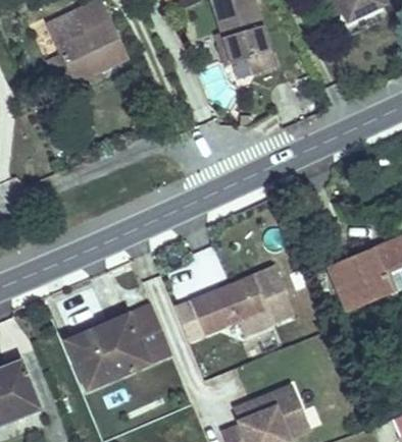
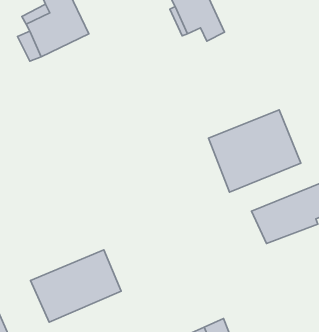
building: none -> [209,110,301,192]
building: [185,263,285,333] -> none

